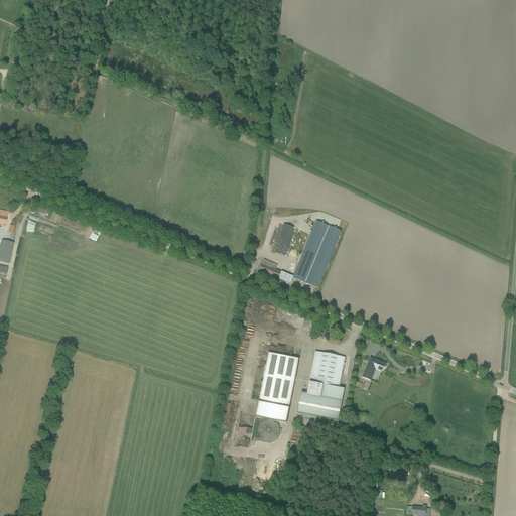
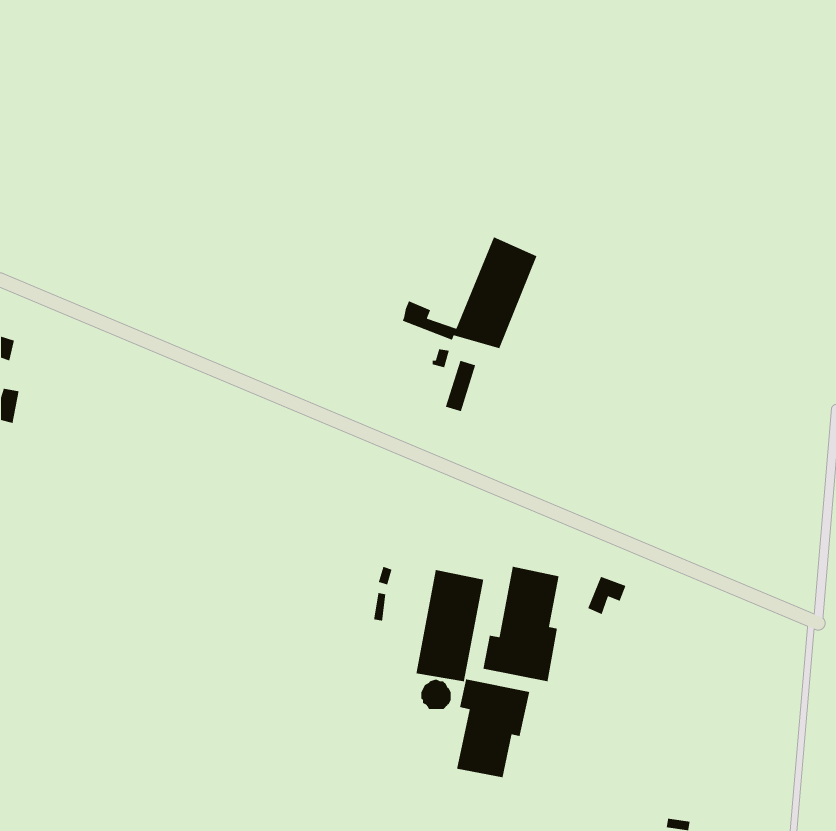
building: [259,218,343,287] -> [402,236,538,349]
building: none -> [456,678,530,778]

